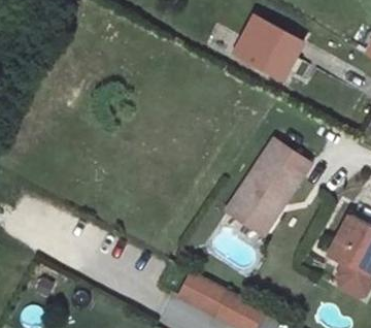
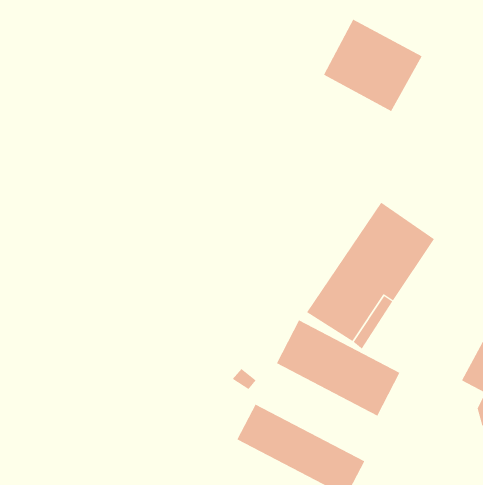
building: none -> [276,320,400,416]

